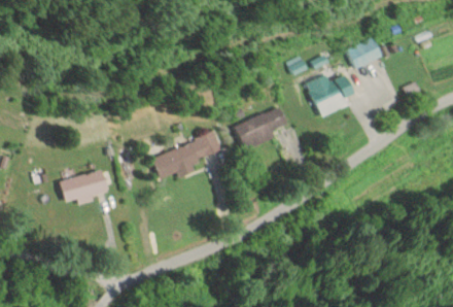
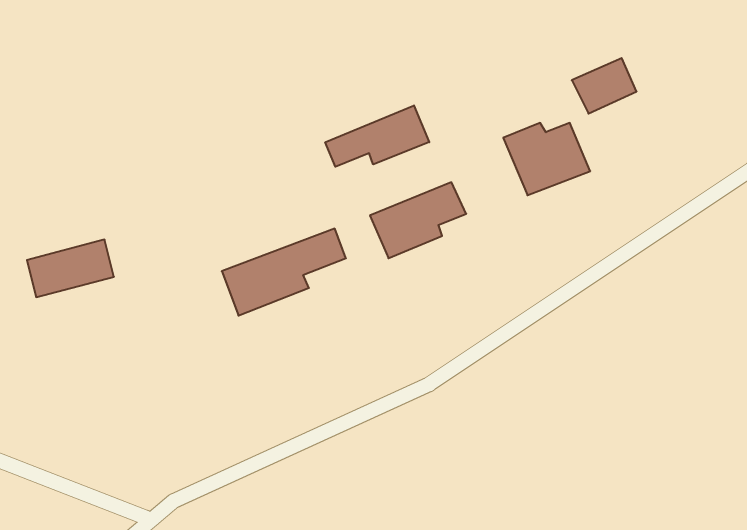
building: none -> [325,105,429,167]
building: [59,170,107,202] -> [27,240,114,297]

